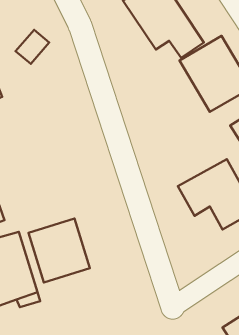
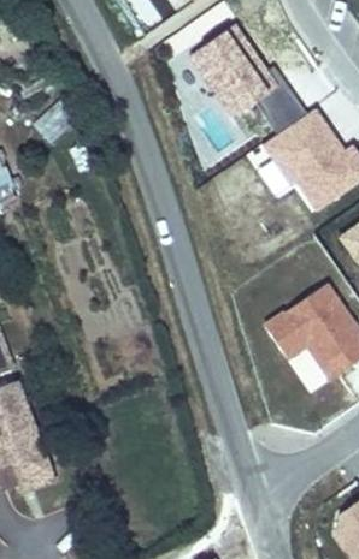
building: [29,218,90,283] -> none

